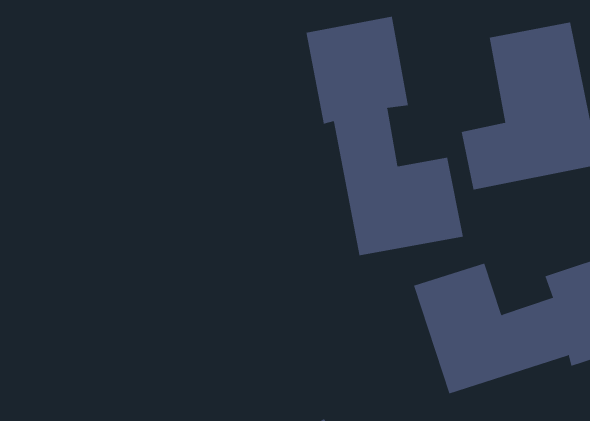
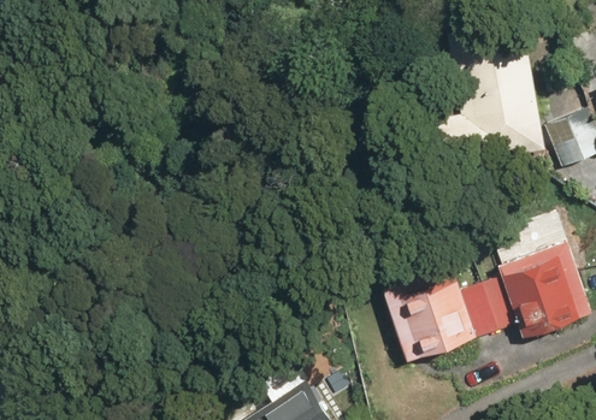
building: [306,16,463,256] -> none

